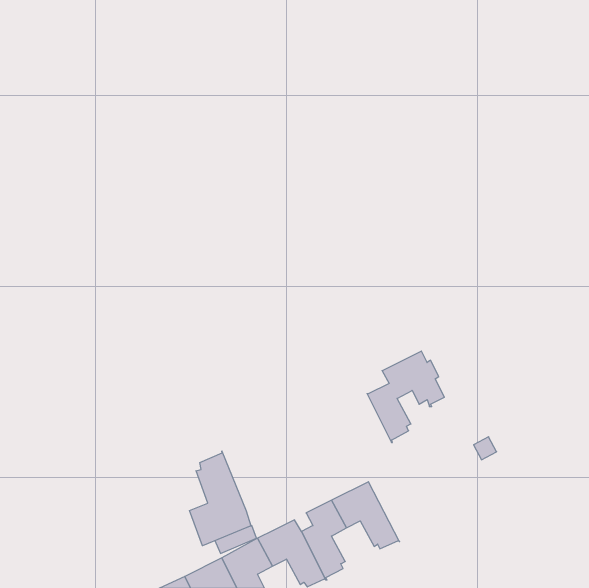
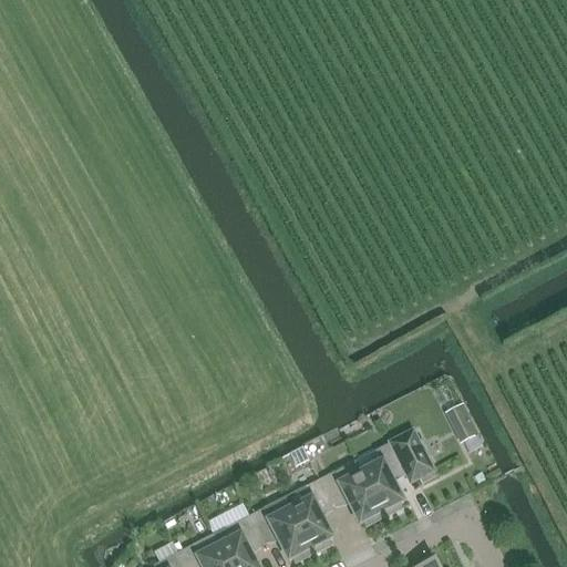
building: [367,351,444,442] -> [360,432,434,519]
building: [190,451,251,546] -> none

